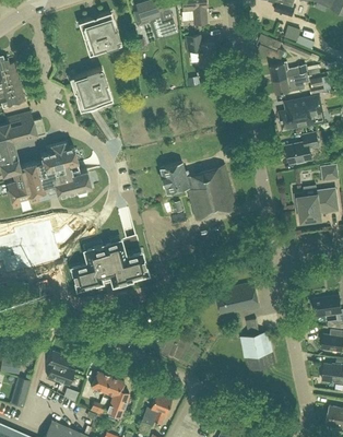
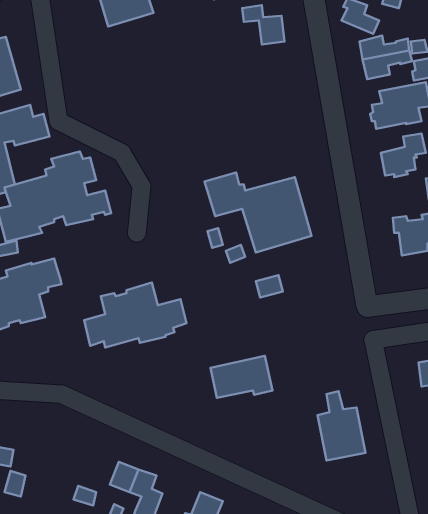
building: [69,68,113,110] -> none
building: [215,282,260,312] -> [211,356,272,398]
building: [47,350,74,386] -> none

